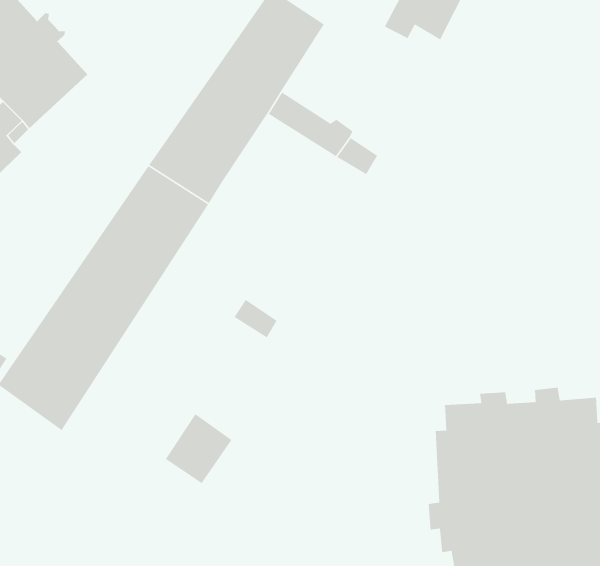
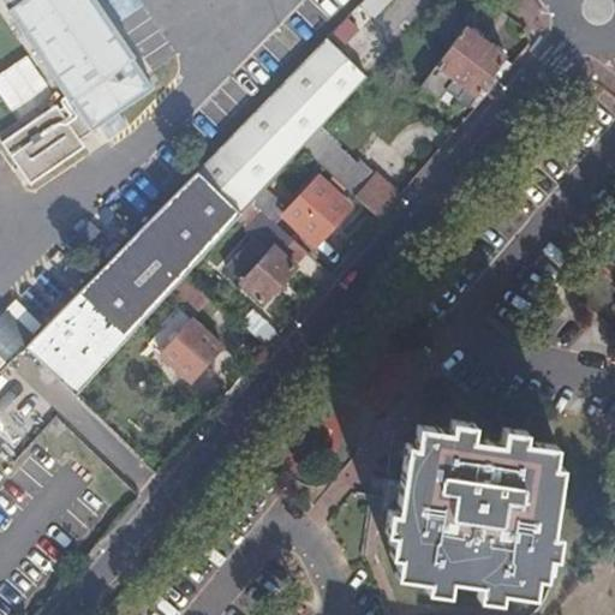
building: none -> [288,180,351,243]
building: none -> [227,201,308,301]
building: [165,413,232,484] -> [162,317,225,381]

